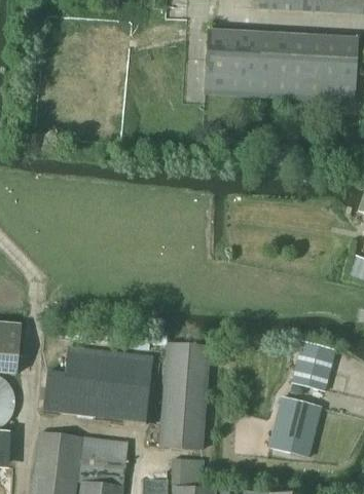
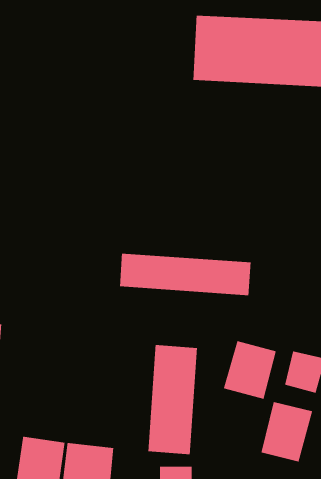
building: none -> [119,253,251,296]
building: none -> [223,340,277,400]
building: [43,344,155,423] -> none

